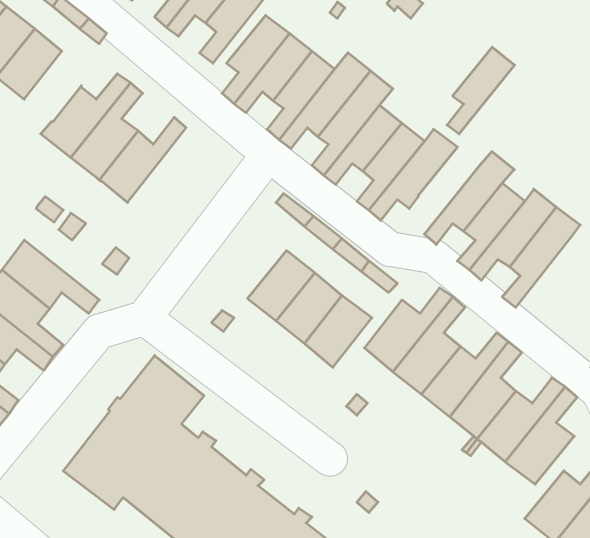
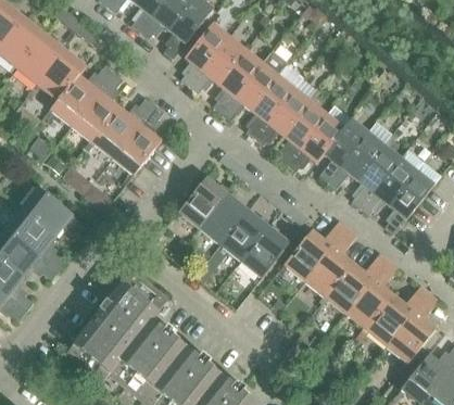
building: [447,47,515,134] -> [319,118,368,181]
building: none -> [38,49,87,100]
building: none -> [113,104,164,175]
building: none -> [179,176,228,228]

